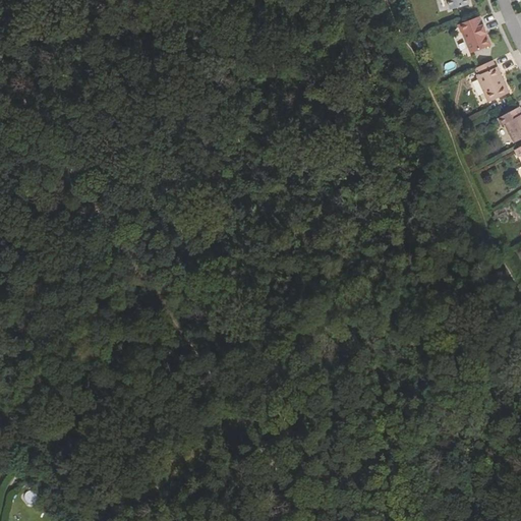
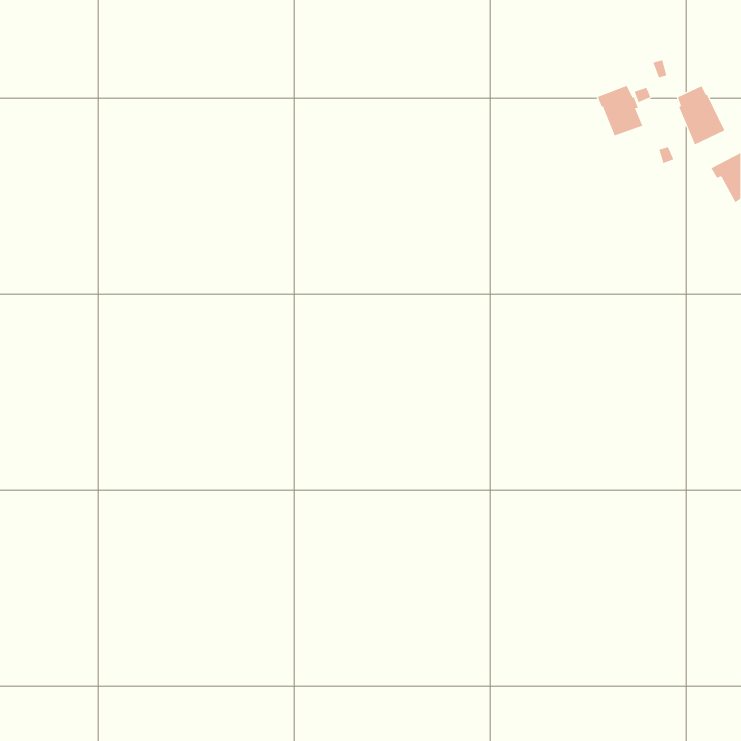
building: [459,16,491,52] -> [597,85,643,136]

